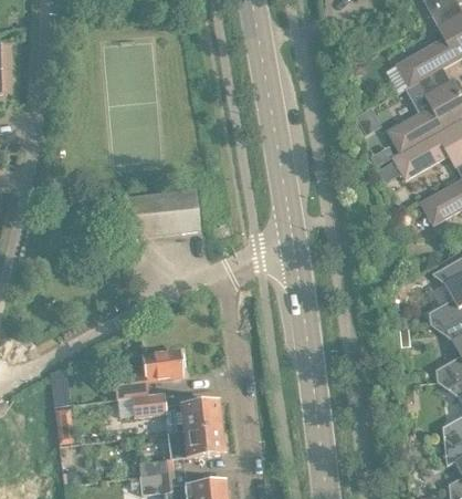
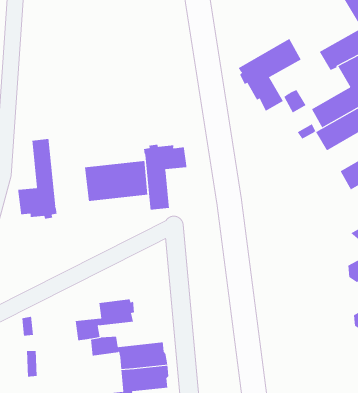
building: none -> [238,38,301,111]
building: none -> [17,138,57,220]
building: none -> [143,144,187,211]

